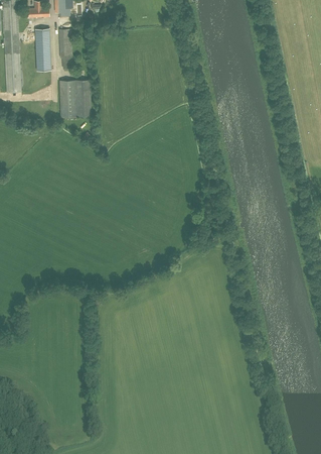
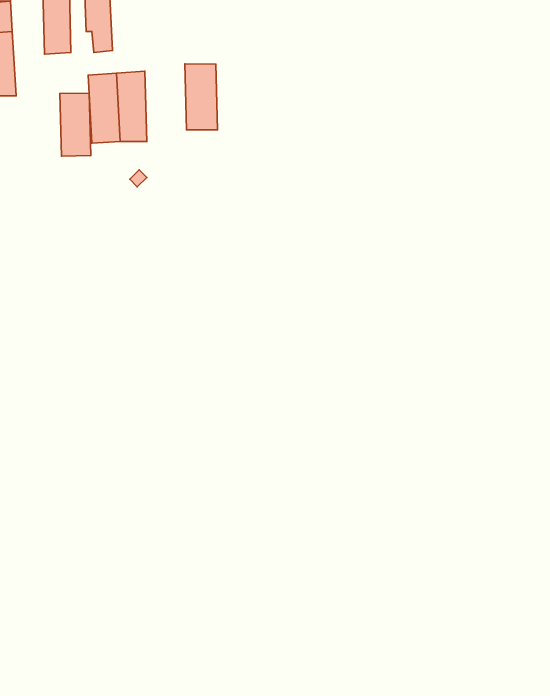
building: none -> [185,64,218,130]
building: none -> [60,93,91,156]

